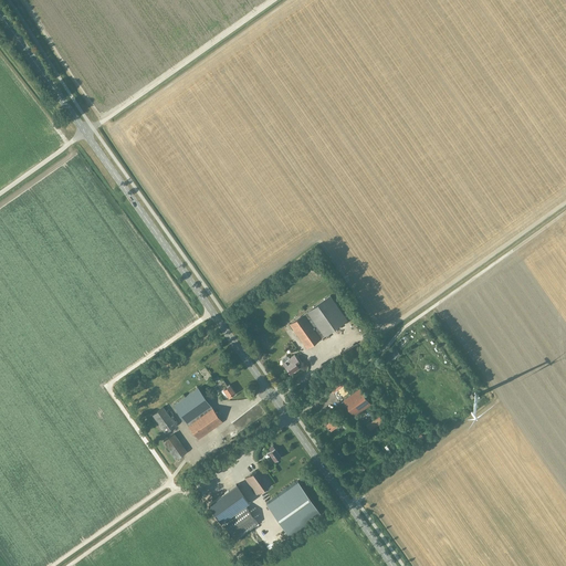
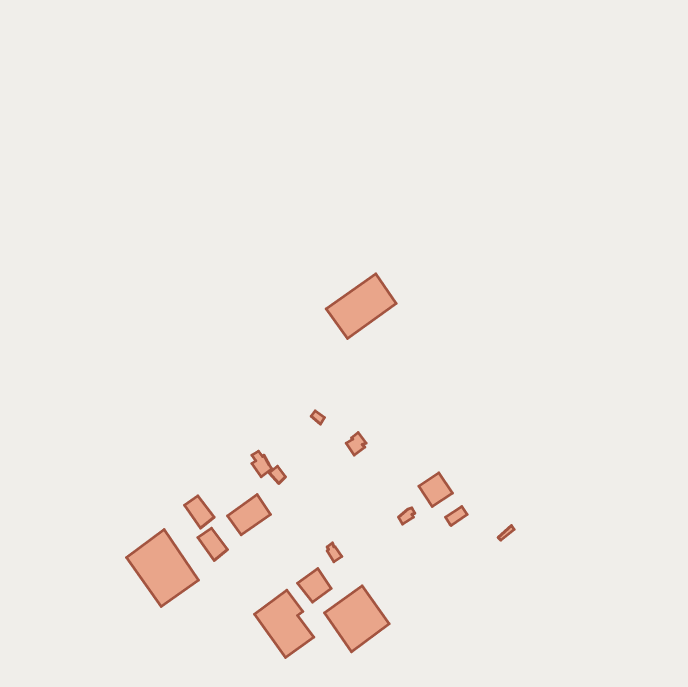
building: [290,296,347,349] -> [326,274,396,339]
building: [174,388,211,424] -> none
building: none -> [126,530,198,607]

